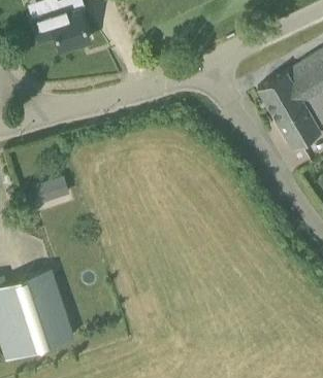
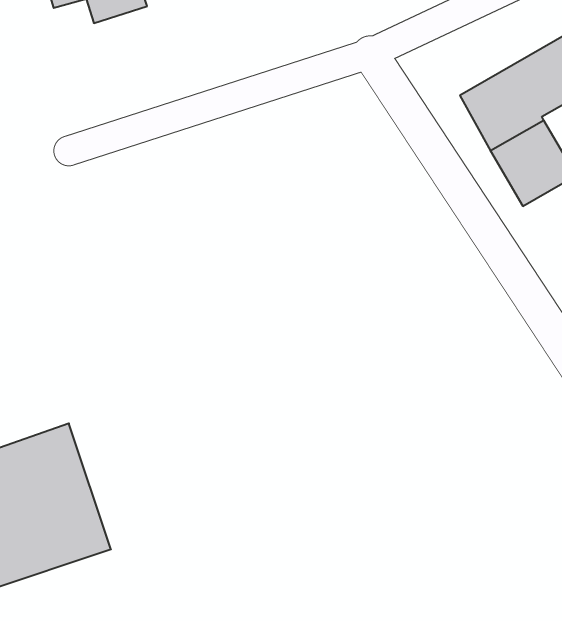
building: [36,177,70,204] -> none

